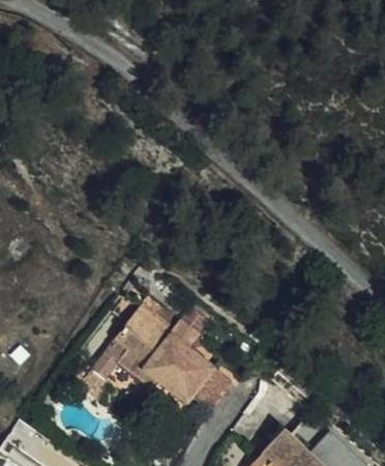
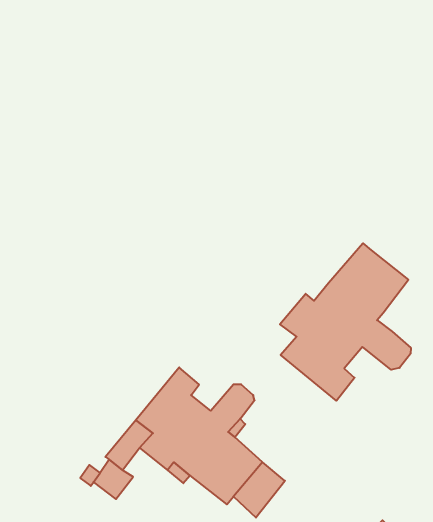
building: none -> [280,243,411,401]

